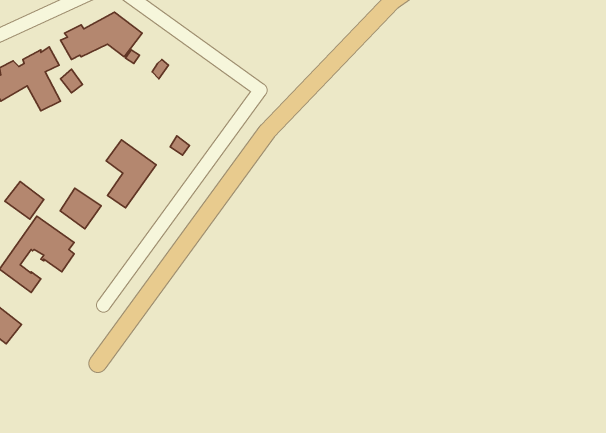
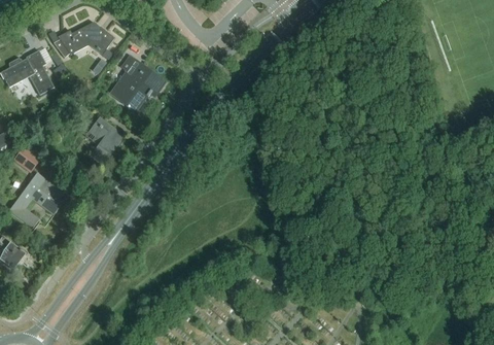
building: none -> [109,63,165,113]
building: [60,188,101,229] -> none

